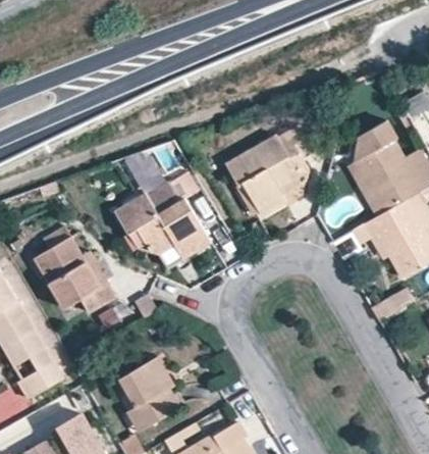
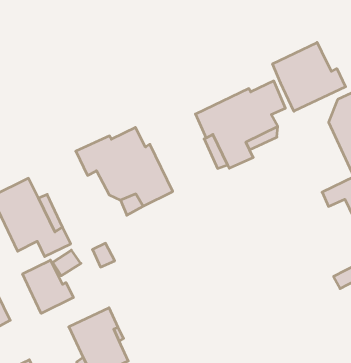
building: none -> [273,42,346,111]
building: none -> [23,260,73,313]

